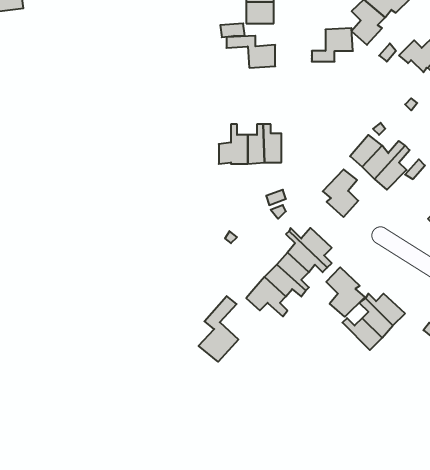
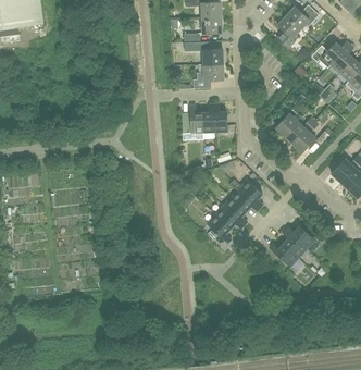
building: [312,28,353,62] -> [194,64,223,88]
building: [323,169,358,217] -> none
building: [326,267,365,317] -> none
building: [199,296,238,362] -> none

